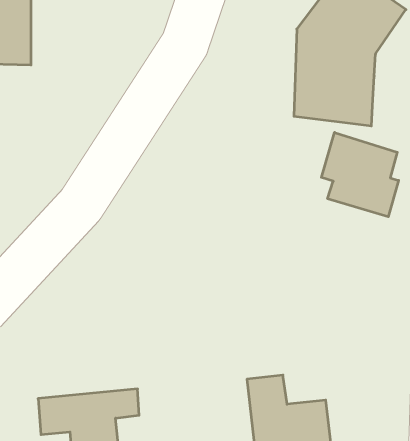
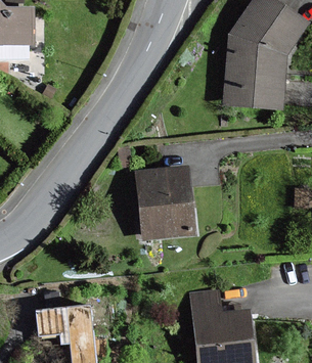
building: [321,132,399,217] -> none
building: none -> [137,168,193,236]

